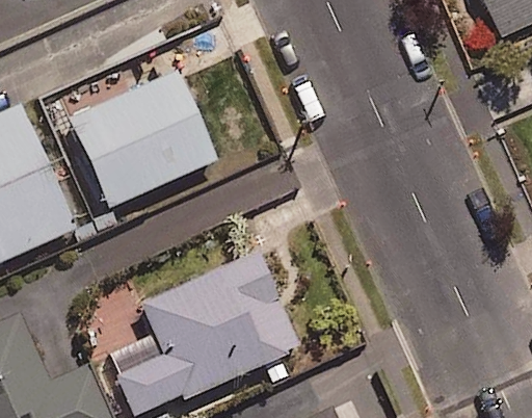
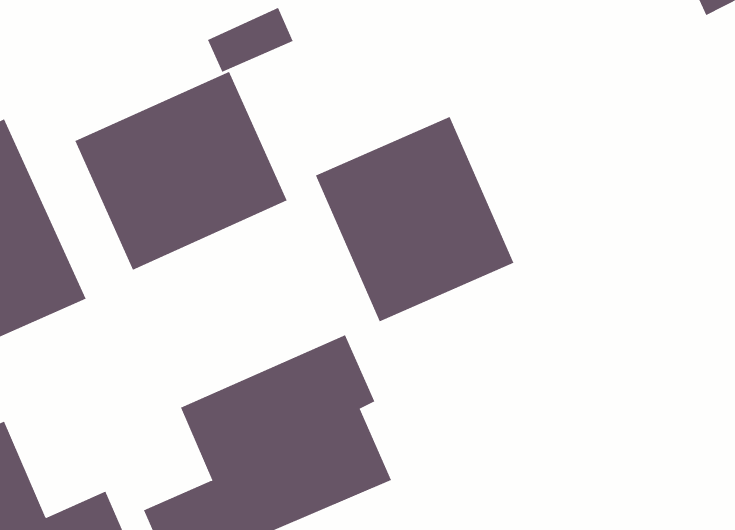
building: none -> [315,116,514,322]

